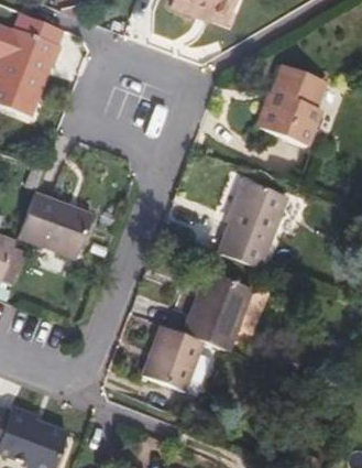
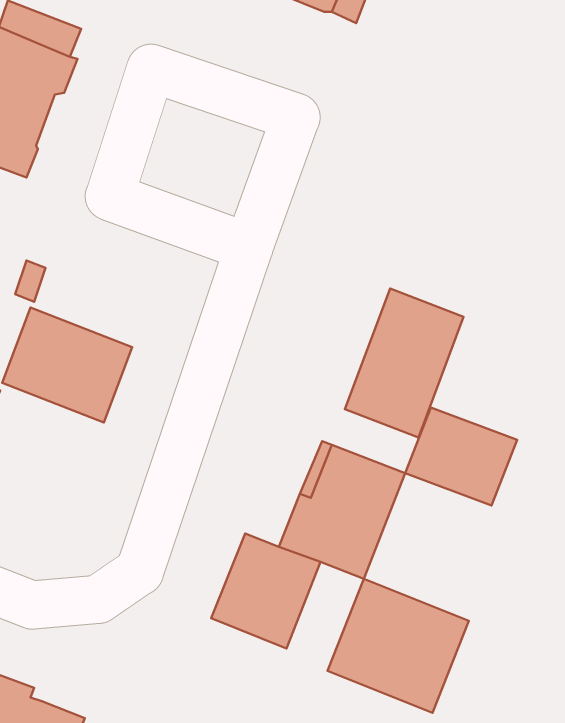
building: [261,67,322,144] -> none
building: none -> [405,407,517,506]
building: none -> [328,579,469,713]

